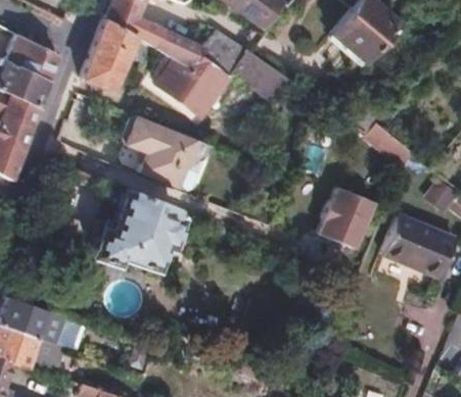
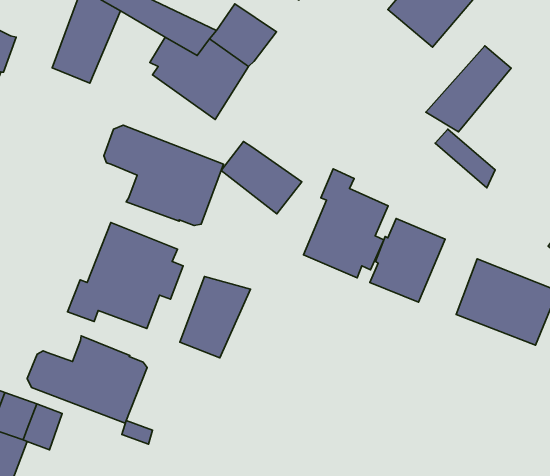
building: [232,50,291,103] -> [221,141,302,214]
building: none -> [426,46,511,132]
building: none -> [303,169,388,278]
building: none -> [180,277,250,358]
building: none -> [27,336,147,423]

